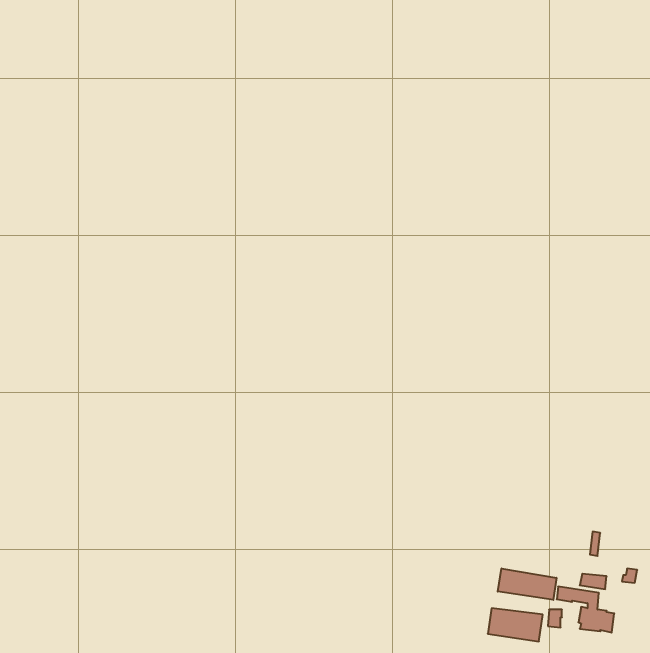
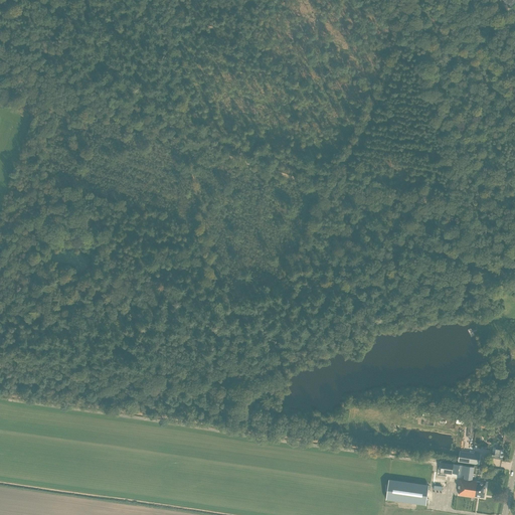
building: [498,568,556,600] -> none

